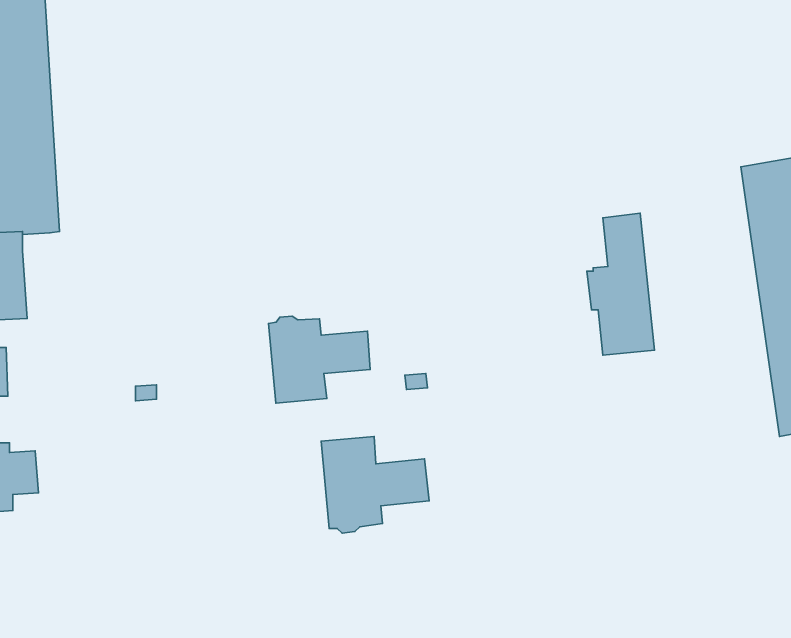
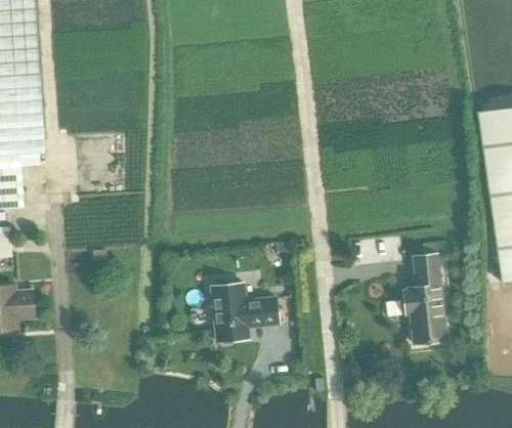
building: [587,213,655,355] -> [402,252,445,342]
building: [269,316,370,403] -> none

